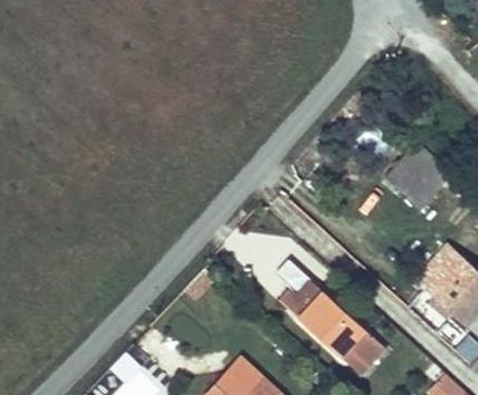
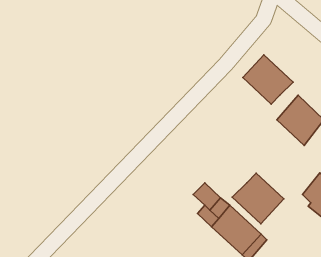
building: none -> [243,55,293,104]
building: none -> [232,173,284,224]

